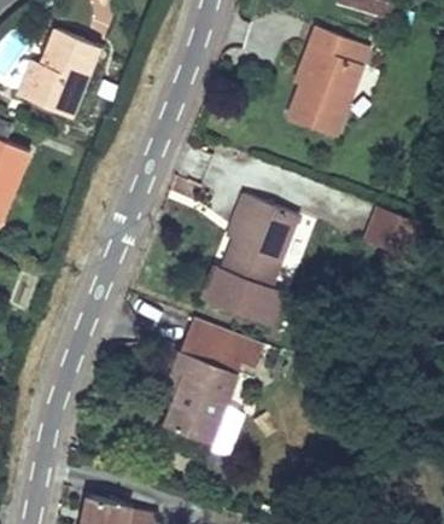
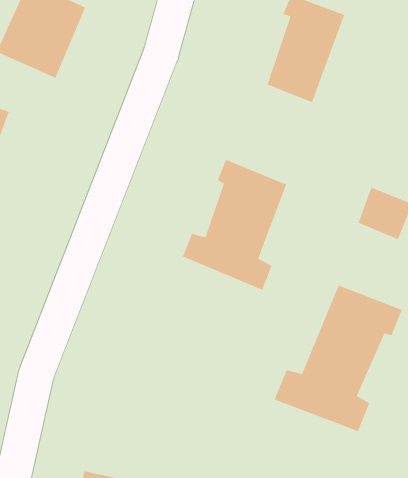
building: [160,315,264,449] -> none
building: none -> [273,285,403,432]

